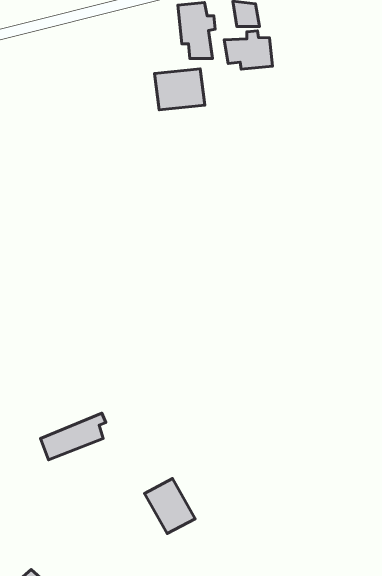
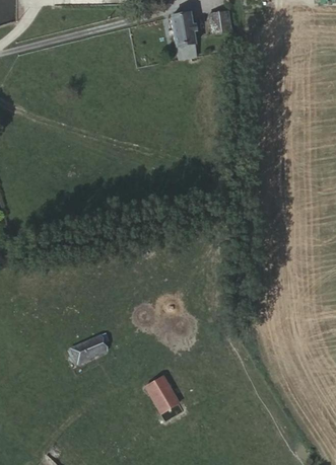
building: [224,31,272,69] -> none
building: [154,69,205,110] -> none

